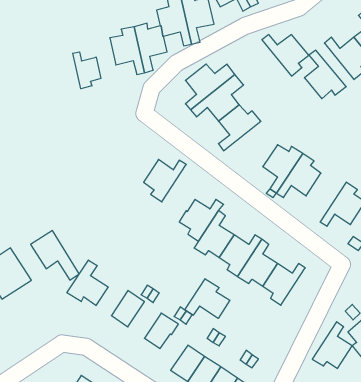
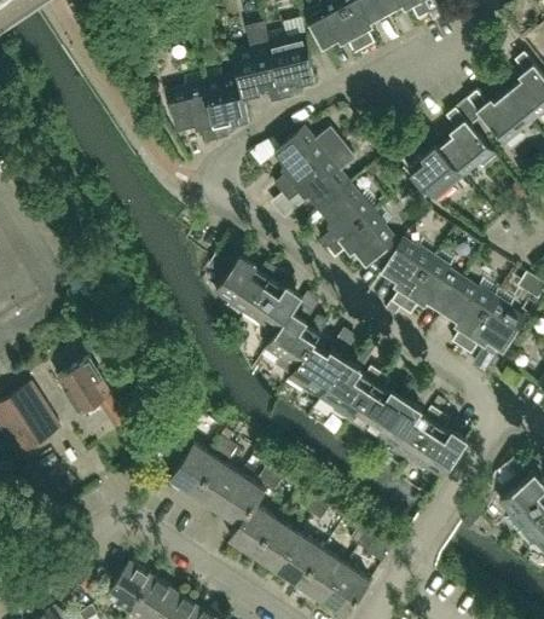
building: [262,35,309,76] -> [399,147,464,206]
building: [73,52,101,89] -> none
building: none -> [328,208,395,265]
building: none -> [242,268,297,334]
building: none -> [442,280,498,348]
building: [67,260,108,306] -> none
building: [185,279,230,318] -> none
building: none -> [195,459,241,510]
building: [312,322,352,369] -> [407,412,463,478]
building: none -> [230,504,278,555]

